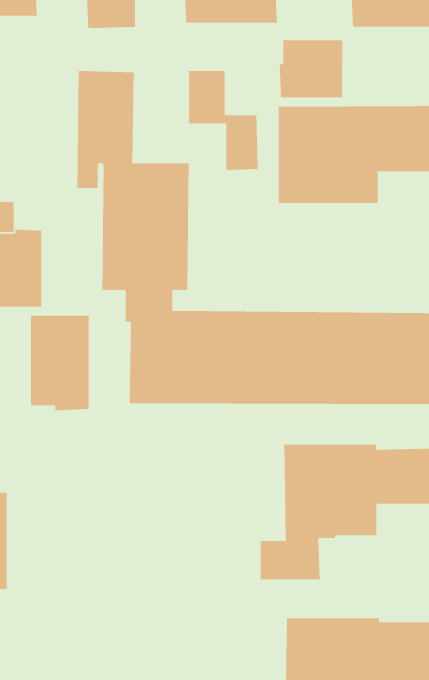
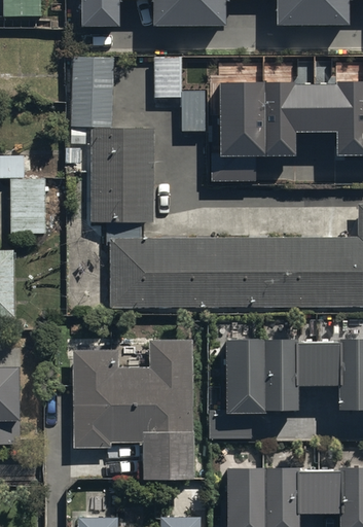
building: [279,40,343,98] -> none
building: [30,315,89,411] -> none
building: none -> [74,338,192,475]

